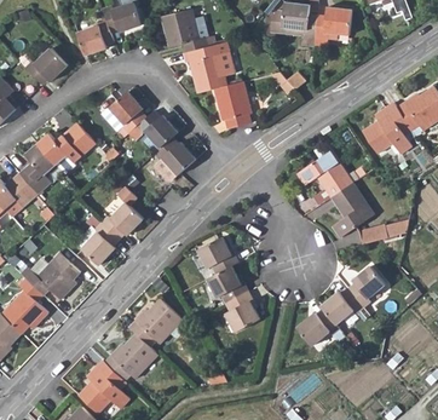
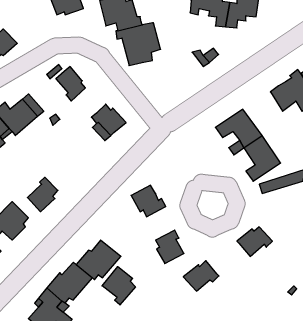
building: [76,21,114,56] -> none
building: [212,84,249,131] -> none
building: [127,113,174,150] -> none
building: [96,189,138,242] -> none
building: [351,261,388,303] -> none
building: [208,265,250,301] -> none
building: [300,305,342,341] -> [183,261,219,291]
building: none -> [102,267,135,305]

